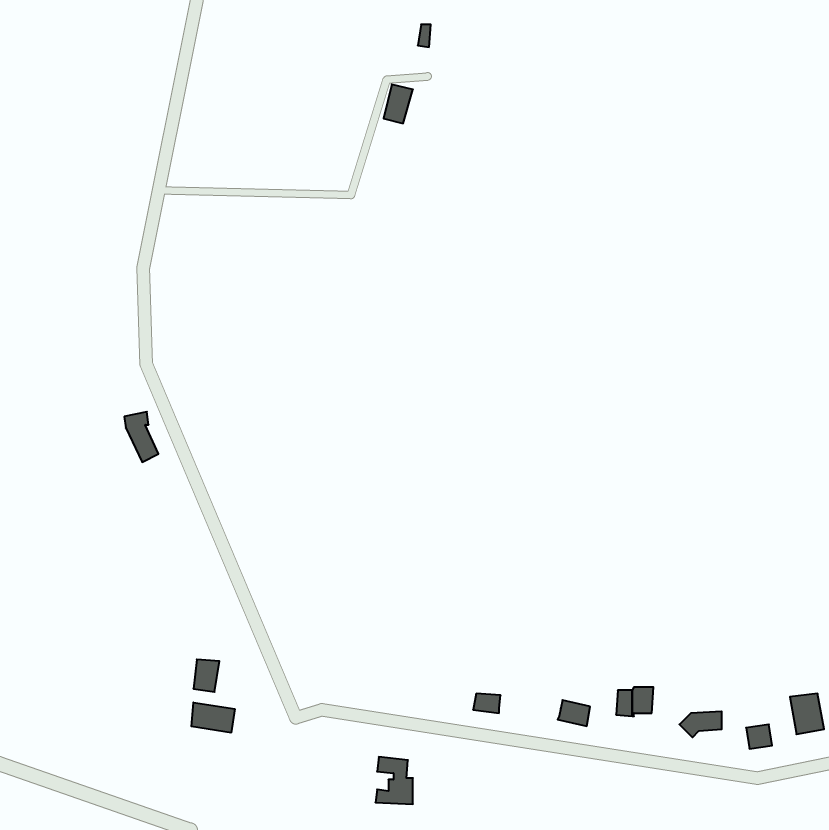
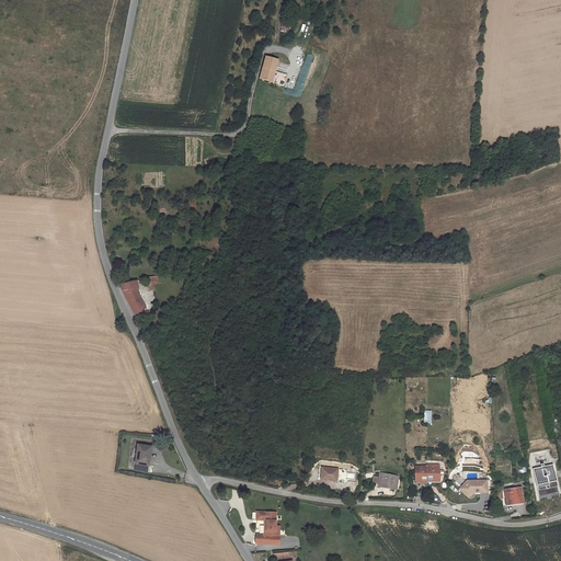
building: [124,412,158,462] -> [124,277,147,311]
building: [191,702,235,733] -> none

